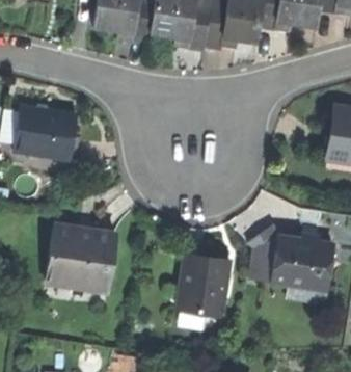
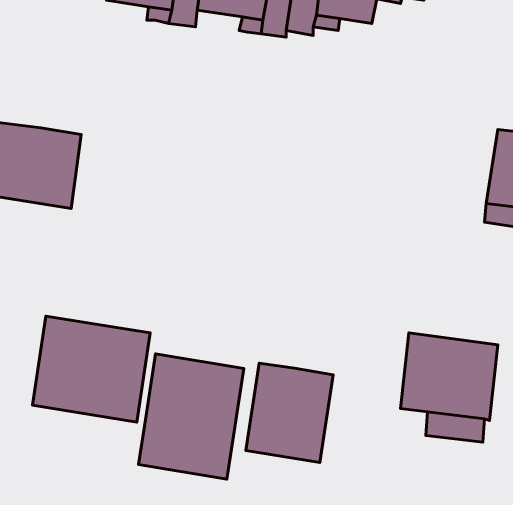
building: [247,224,279,282] -> none
building: none -> [138,354,244,479]

